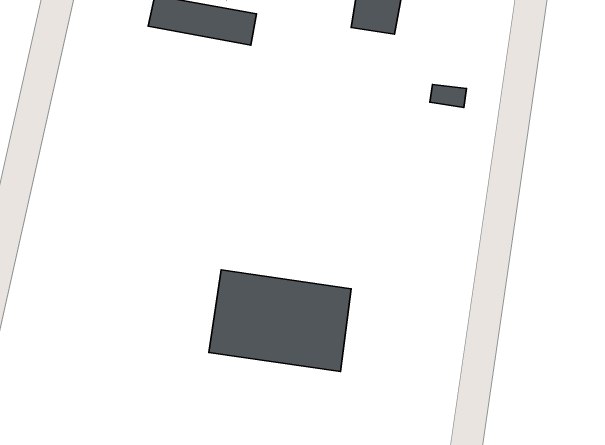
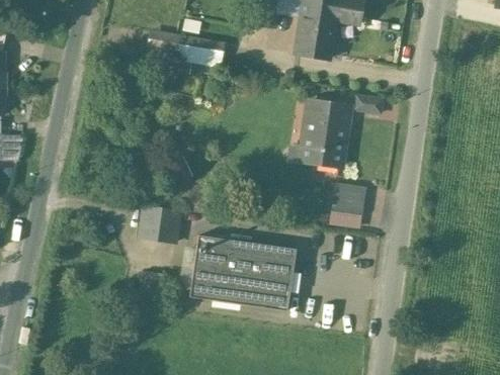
building: none -> [301,101,349,167]
building: none -> [331,183,366,215]
building: none -> [140,205,180,242]

